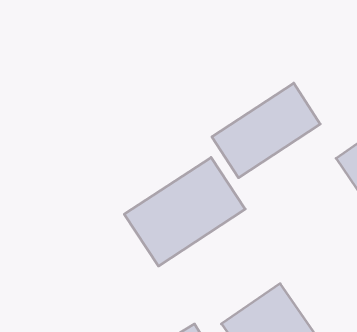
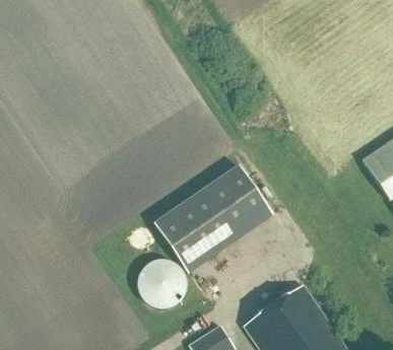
building: [212,83,320,178] -> none
building: none -> [135,260,185,308]

